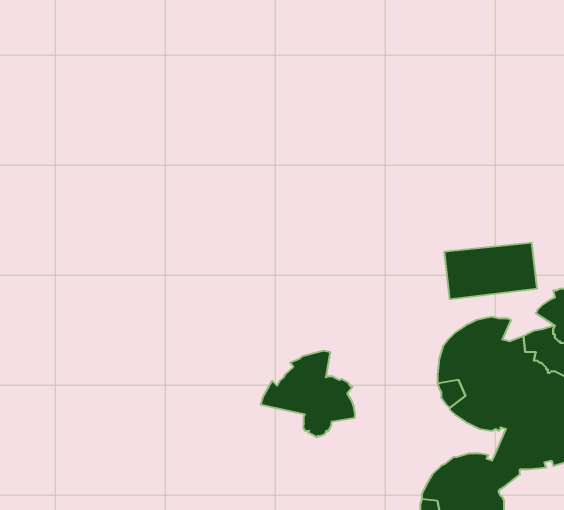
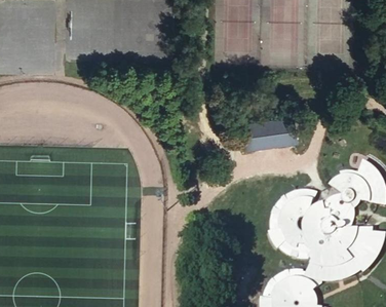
building: [444,243,537,299] -> [244,114,299,147]
building: [261,351,355,437] -> none

